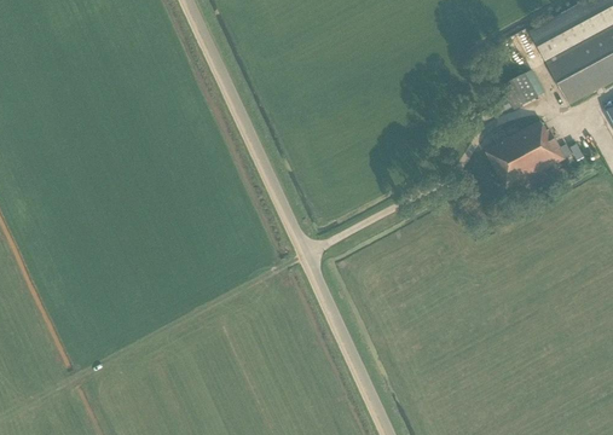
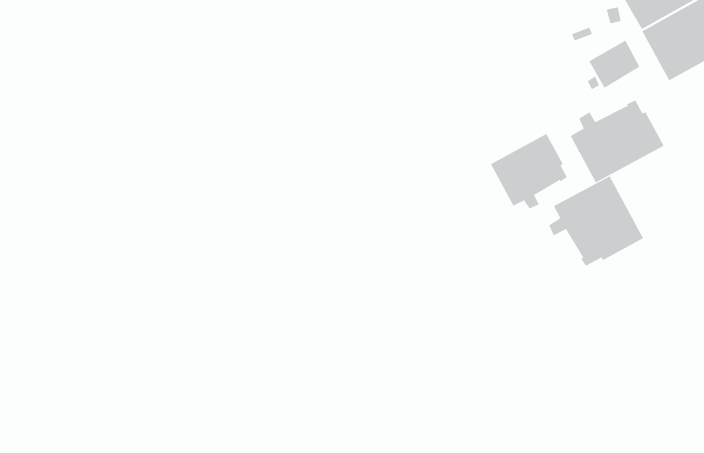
building: none -> [490,133,567,209]
building: none -> [549,175,644,266]

